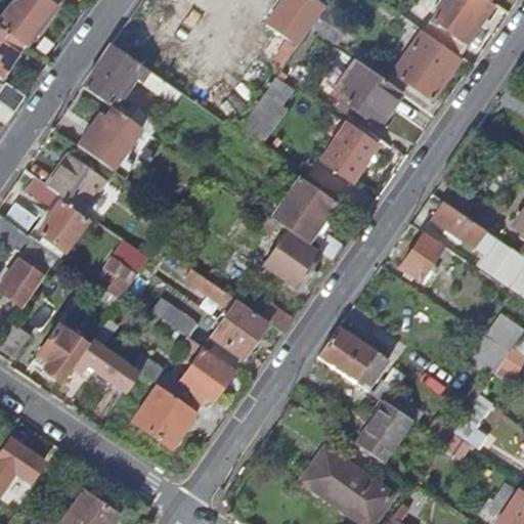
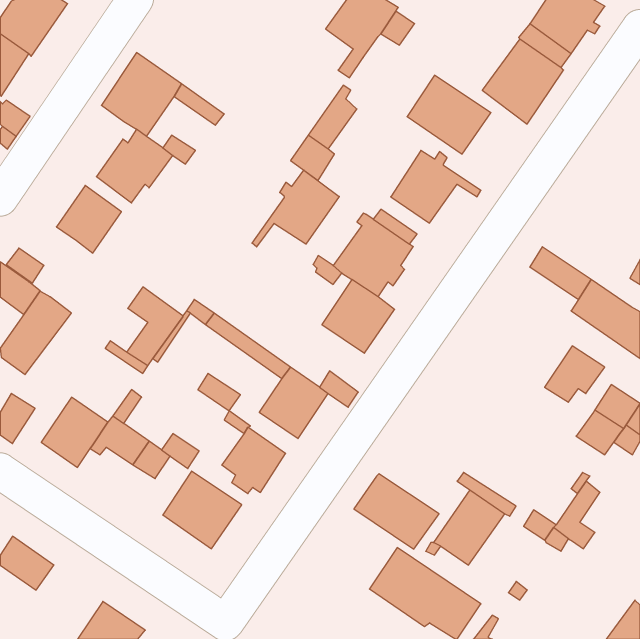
building: none -> [252,170,339,247]
building: [38,196,87,257] -> none
building: [400,233,449,279] -> [545,346,605,402]
building: [318,328,388,389] -> [354,474,439,549]

